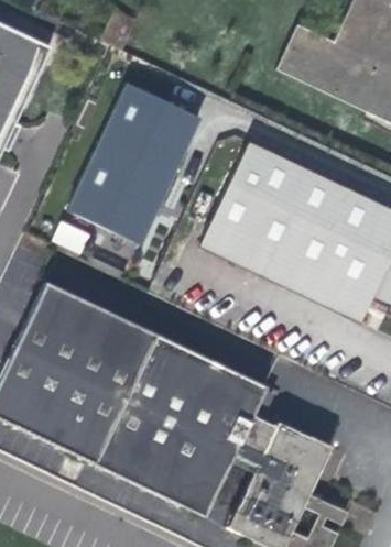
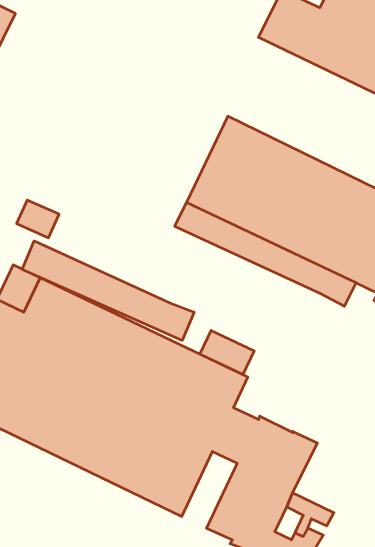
building: [68,81,195,240] -> none
building: none -> [22,241,194,340]
building: none -> [200,330,254,374]

